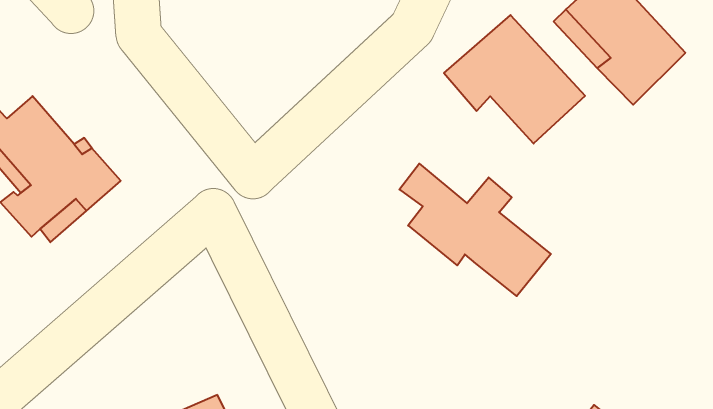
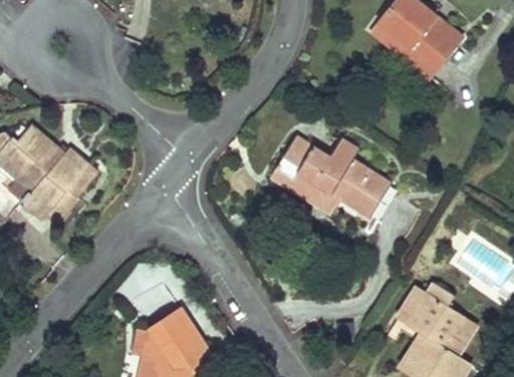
building: [444,15,585,144] -> none
building: none -> [271,155,339,213]

